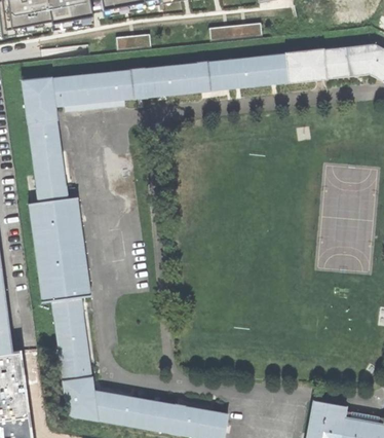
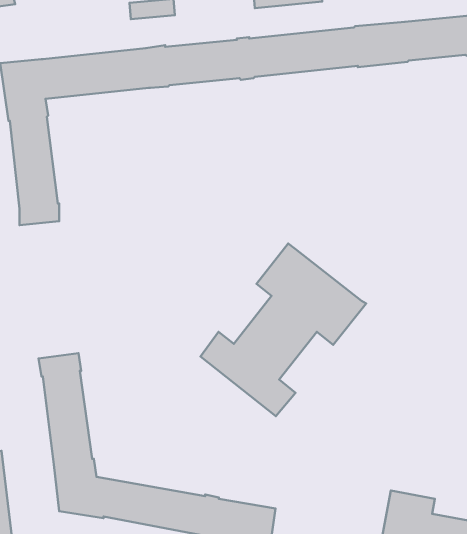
building: [29,196,91,302] -> none
building: none -> [200,243,366,416]

